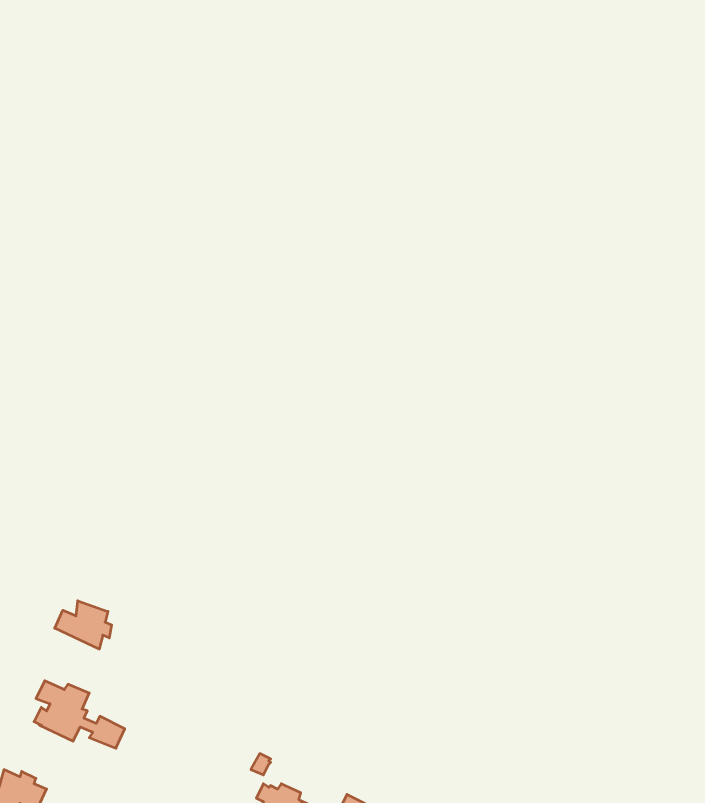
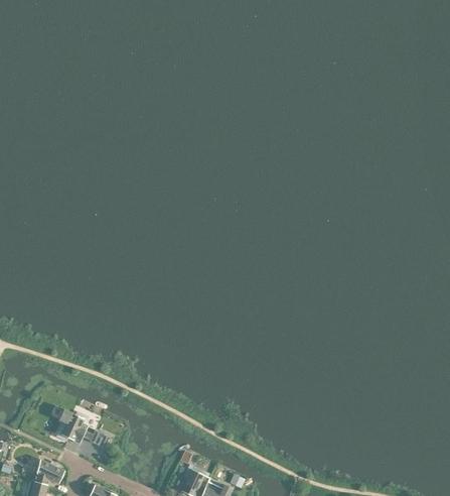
building: [55,601,112,649] -> none

